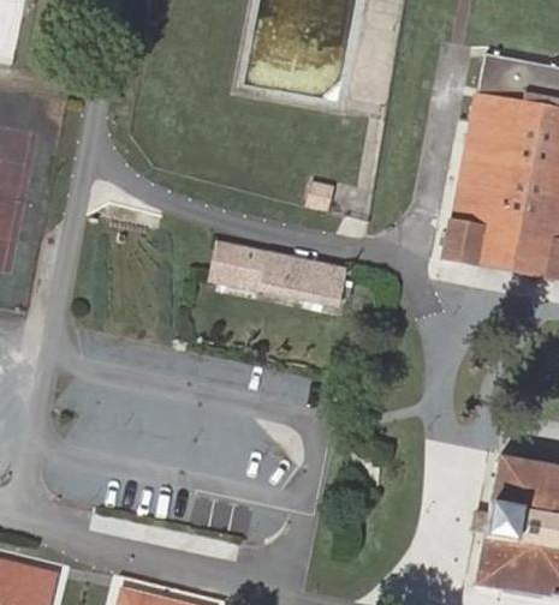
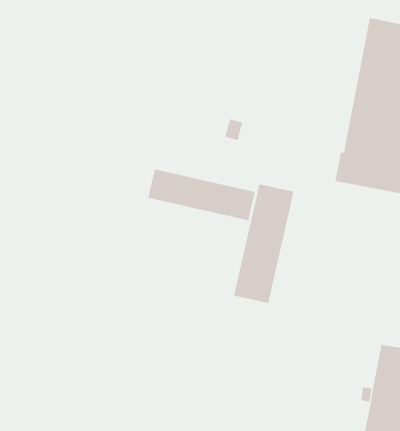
building: none -> [233,183,294,304]

